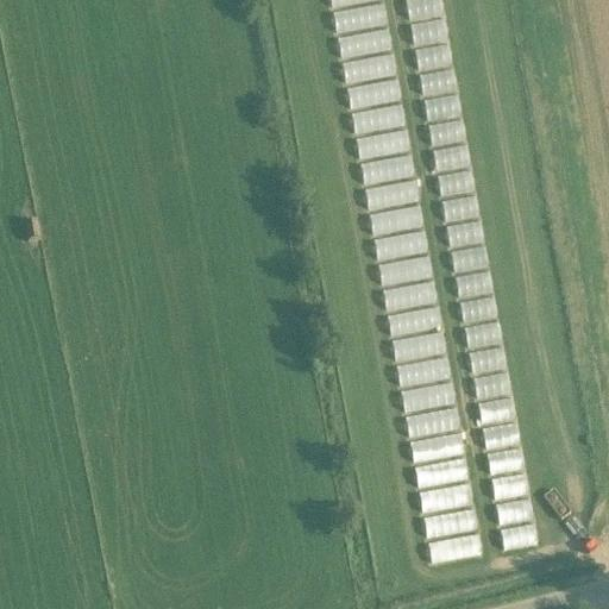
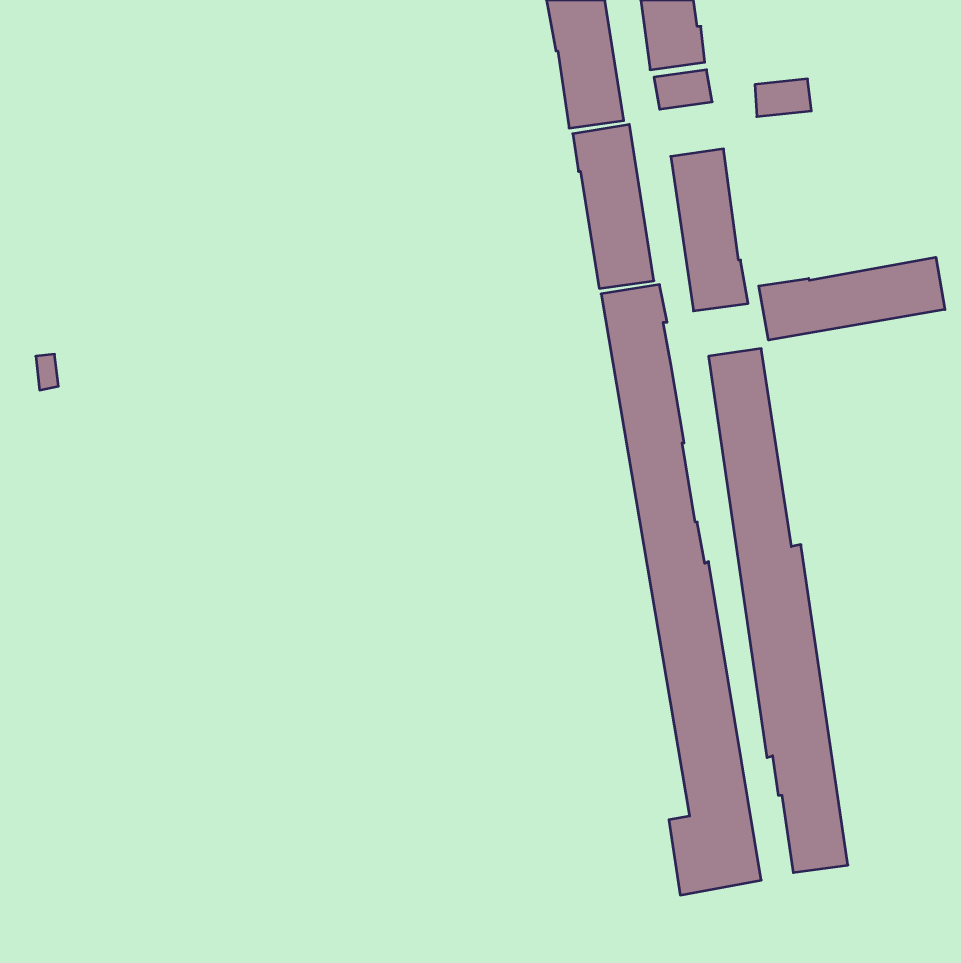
building: [419,70,454,94] -> [755,79,811,117]
building: none -> [759,257,945,340]
building: [440,194,478,221] -> none

